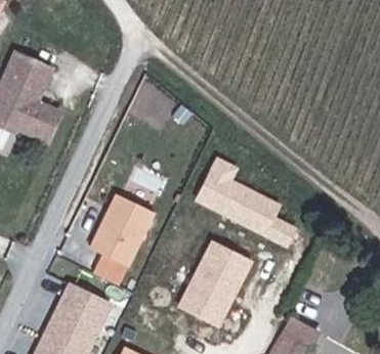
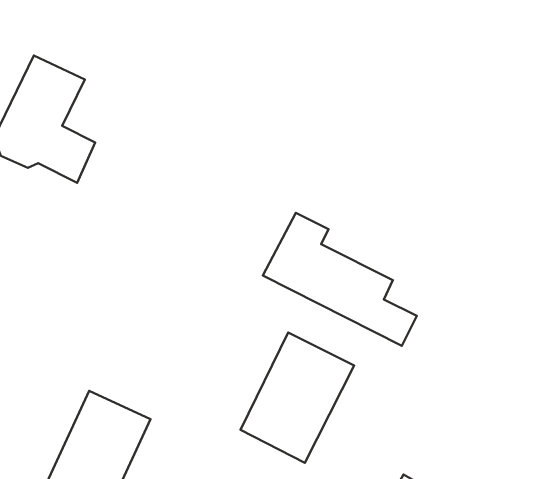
building: [86,193,152,286] -> none

